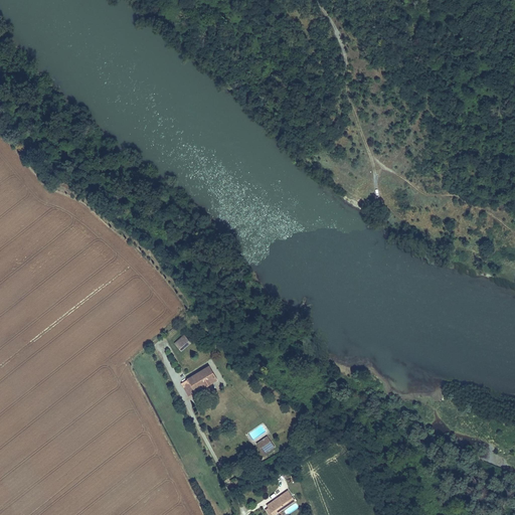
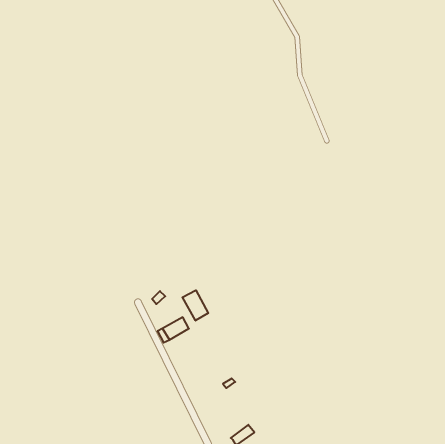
building: none -> [182,290,208,321]

